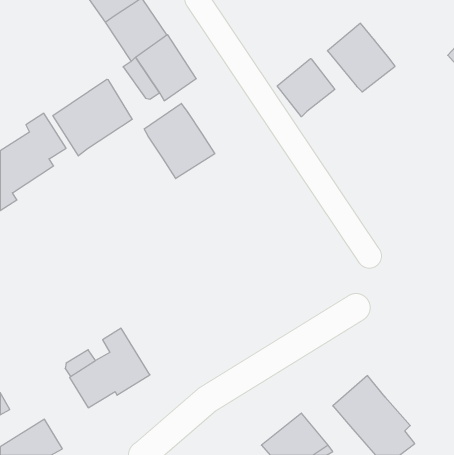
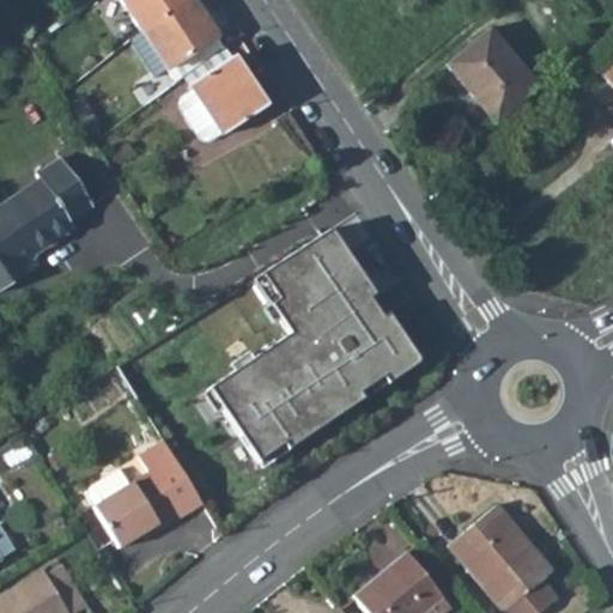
building: [277,59,335,117] -> none
building: [53,79,132,156] -> none
building: [144,103,215,179] -> none
building: none -> [216,232,421,466]

